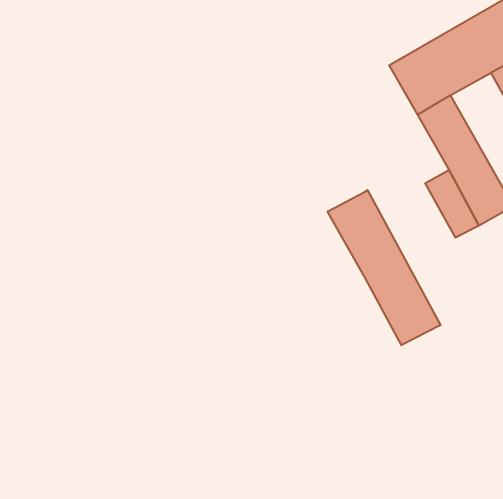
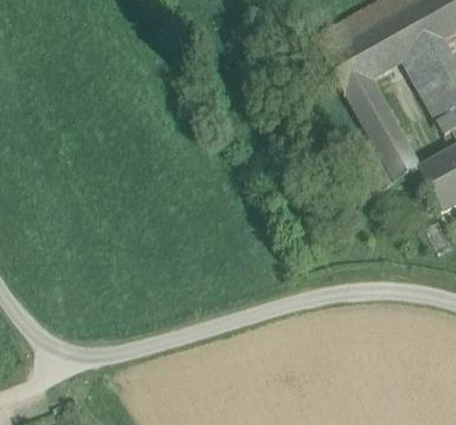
building: [328,190,441,345] -> none

